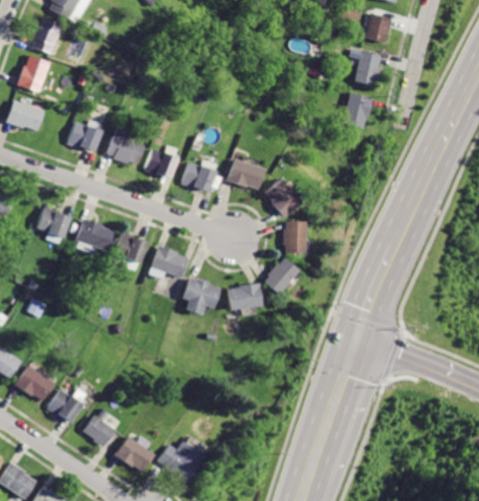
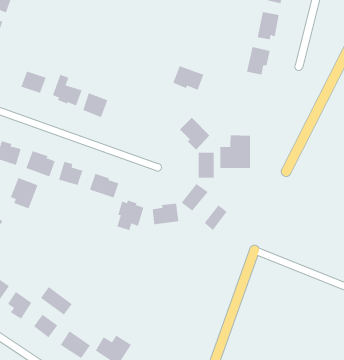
building: [224,160,263,190] -> [172,65,204,90]
building: [182,163,213,191] -> none
building: none -> [220,135,251,169]
building: none -> [10,177,38,209]
building: none -> [204,204,227,231]
building: none -> [40,286,73,316]

